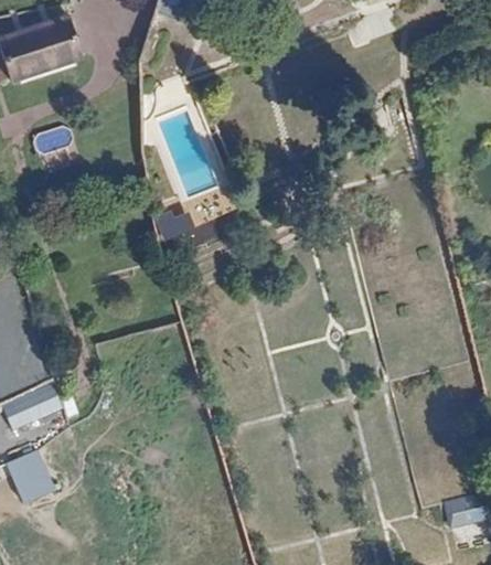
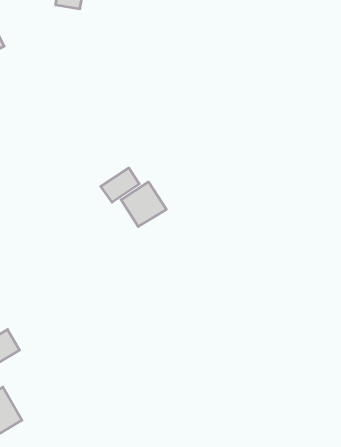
building: none -> [121,182,166,227]

